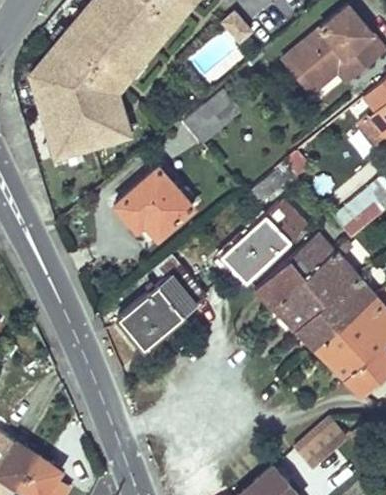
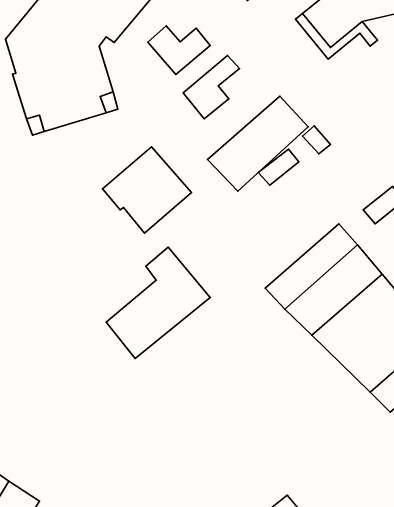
building: none -> [148,26,210,75]
building: [220,201,306,282] -> [207,96,308,191]
building: [295,419,348,469] -> none

